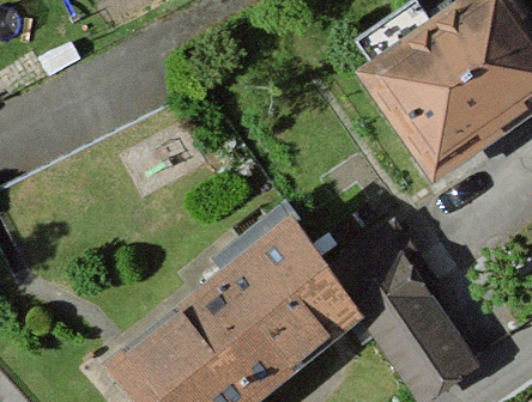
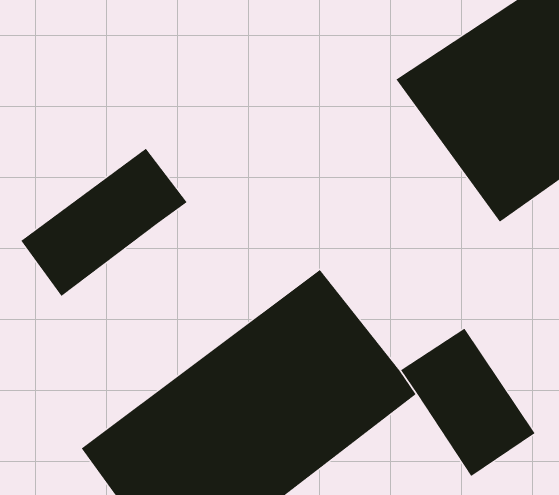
building: none -> [21,148,188,297]

